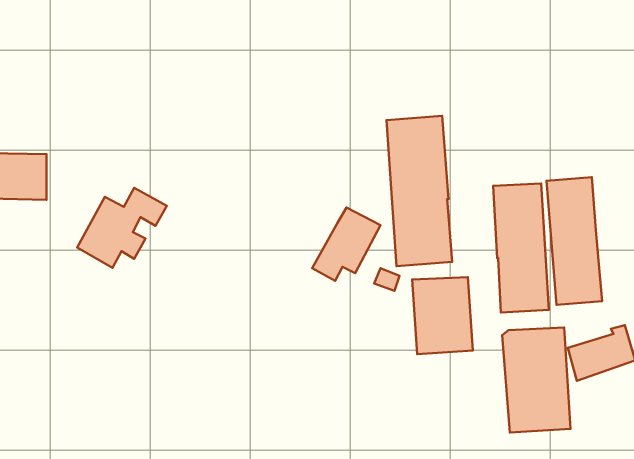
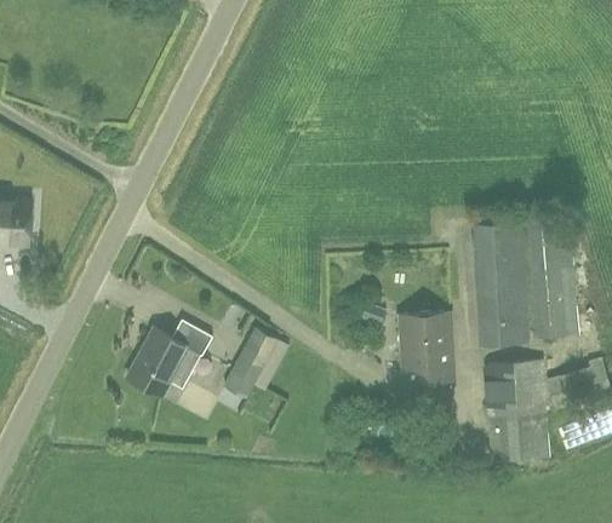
building: [387,116,452,266] -> none
building: [77,188,167,268] -> [126,321,212,397]
building: [312,208,381,281] -> [223,329,288,400]

